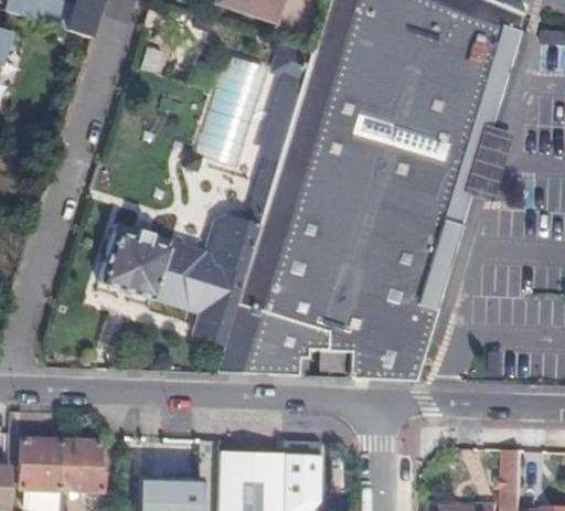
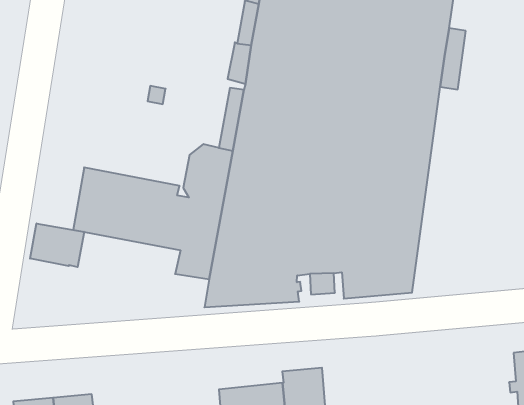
building: none -> [30,223,84,267]

